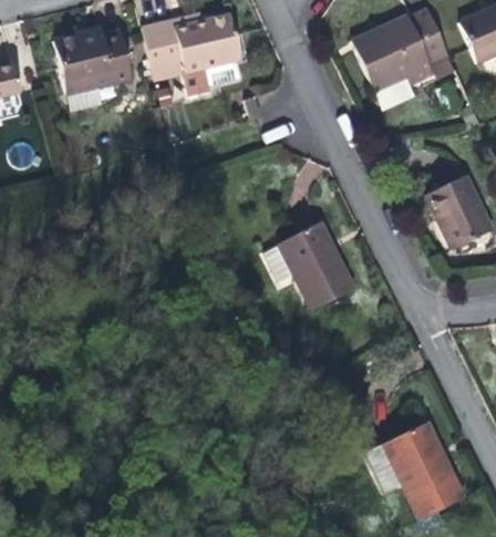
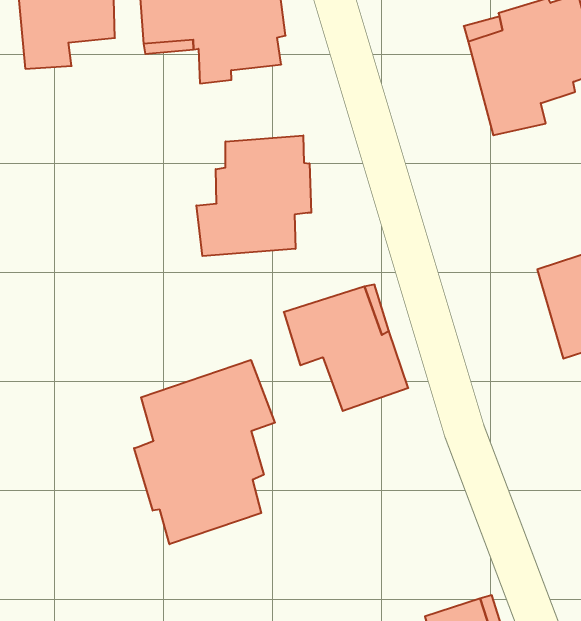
building: none -> [196,135,311,256]
building: none -> [134,360,275,544]

